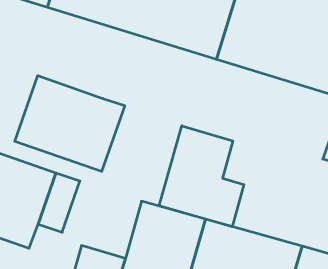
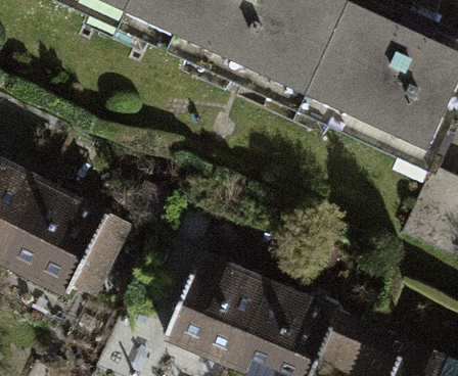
building: [15,76,125,171] -> none
building: [159,126,244,227] -> none

